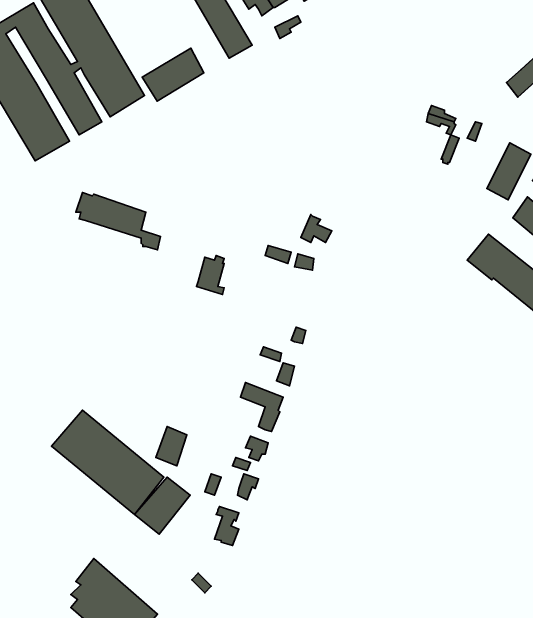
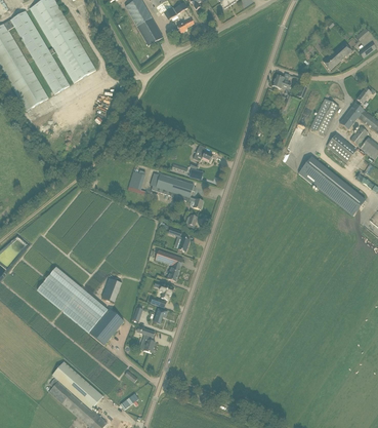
building: [142,48,204,101] -> none
building: [76,193,161,250] -> [149,171,202,207]

